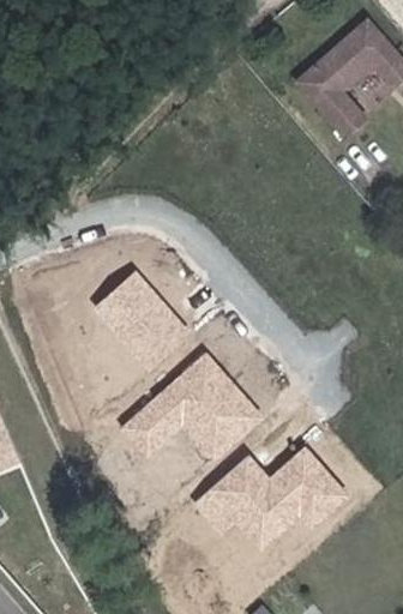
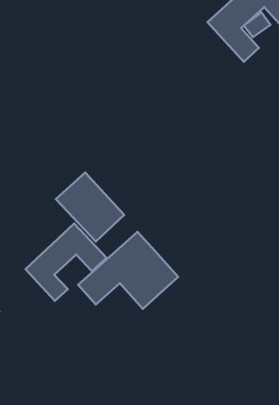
building: none -> [26,224,107,301]
building: [194,447,344,548] -> none

